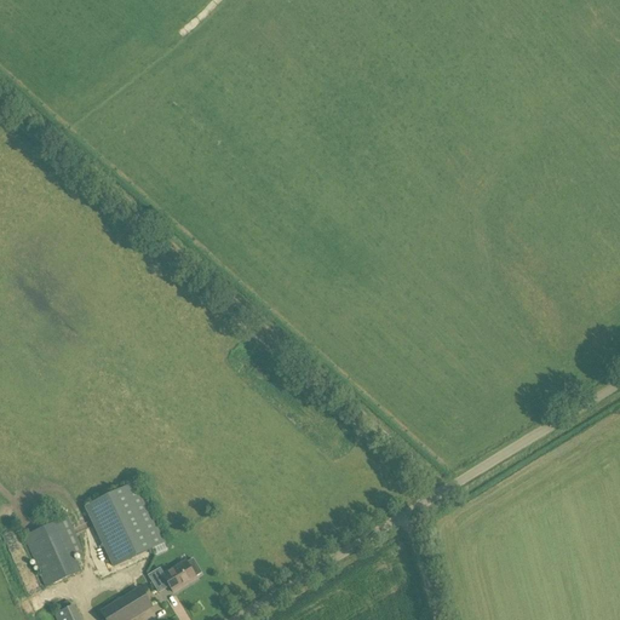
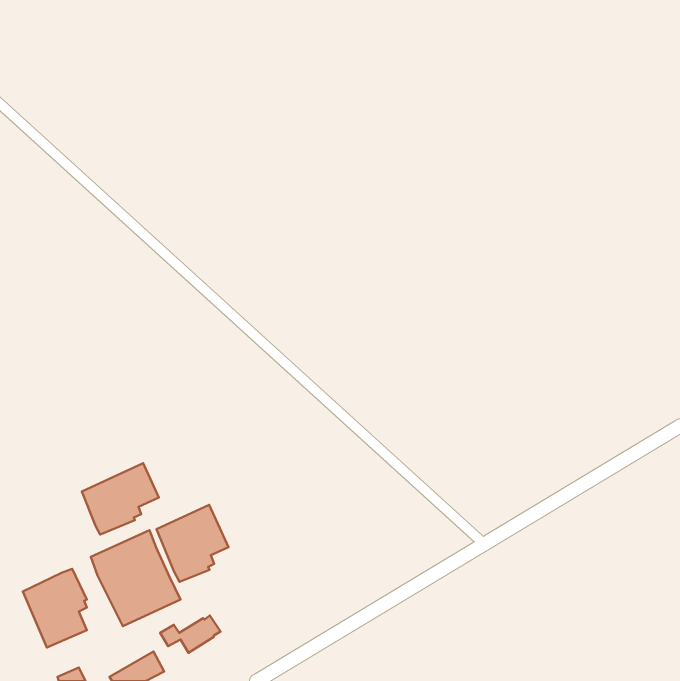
building: none -> [82,463,159,535]
building: none -> [157,505,228,582]

